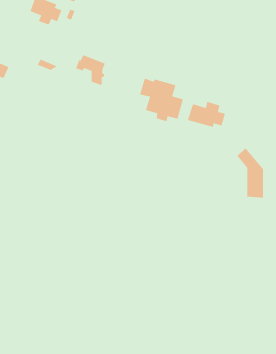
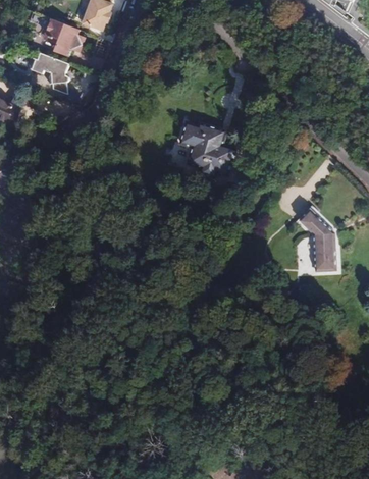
building: [75,54,106,86] -> [34,51,71,91]
building: [187,101,226,128] -> none

